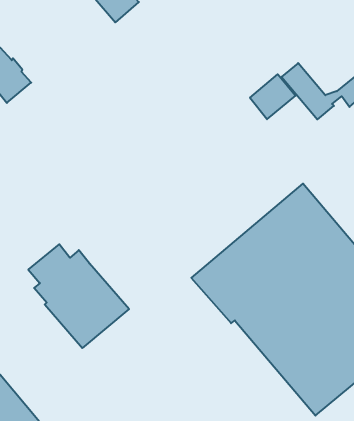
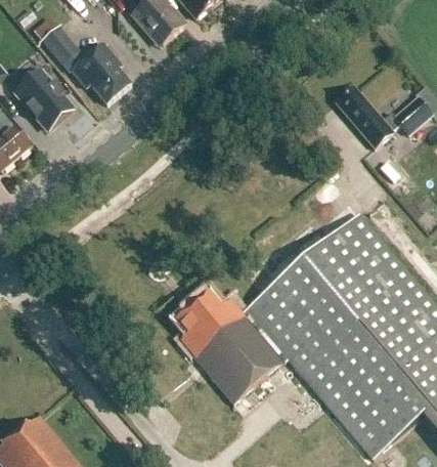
building: none -> [43,31,130,102]
building: [250,74,296,119] -> none
building: [28,244,129,348] -> [176,291,282,400]

